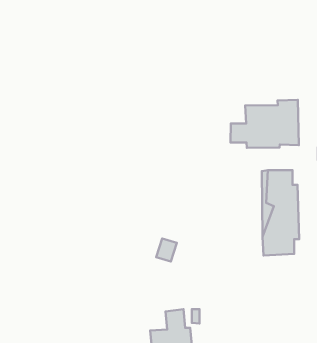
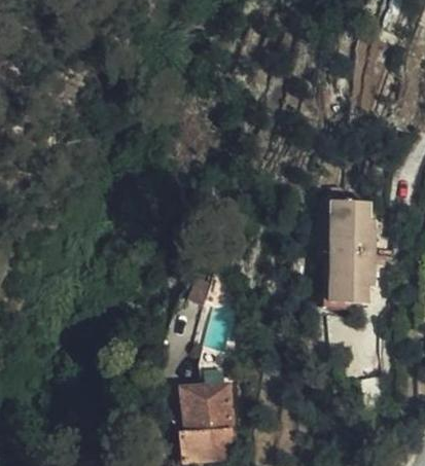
building: [230,100,299,148] -> none

